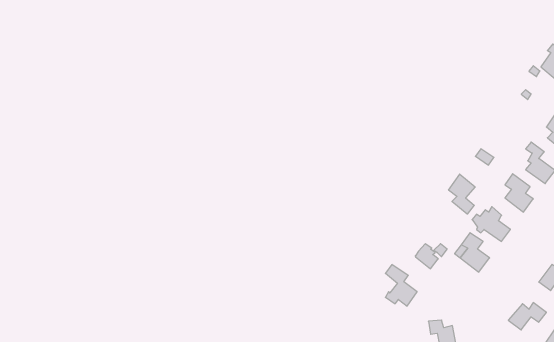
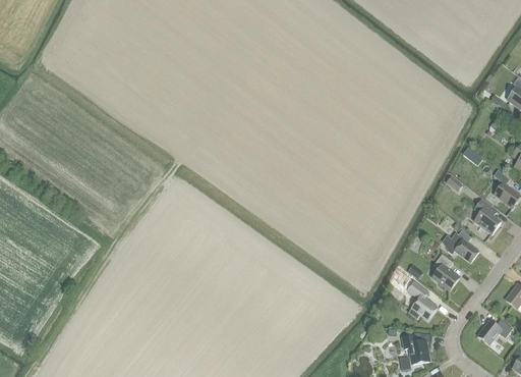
building: [449,174,475,214] -> none
building: [385,265,417,306] -> [408,280,438,319]

